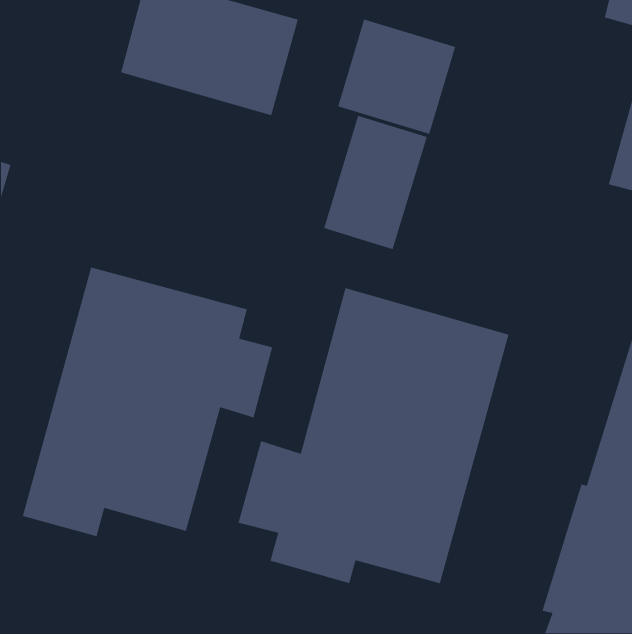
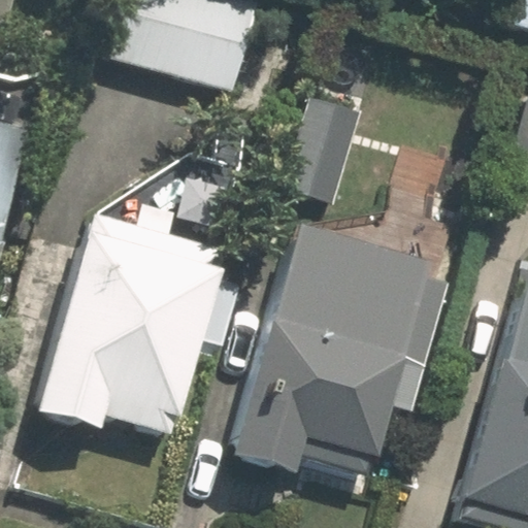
building: [337,18,456,135] -> none

